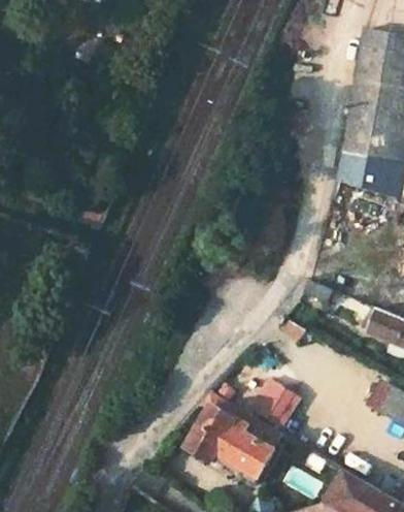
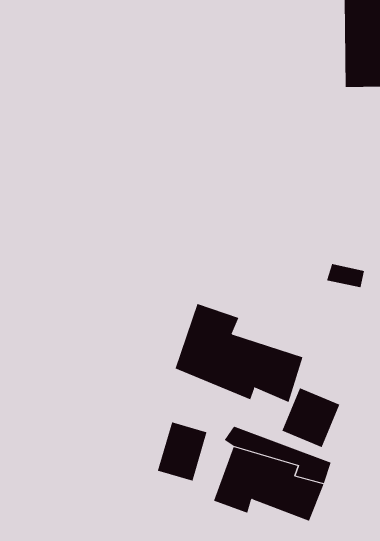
building: none -> [175,303,303,403]
building: none -> [157,421,207,482]

